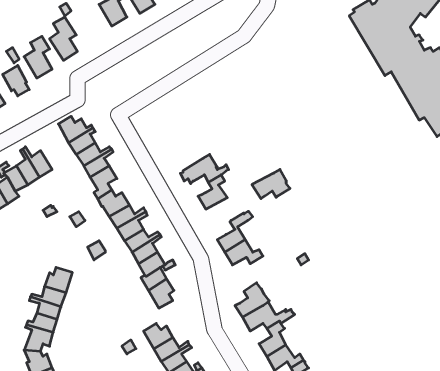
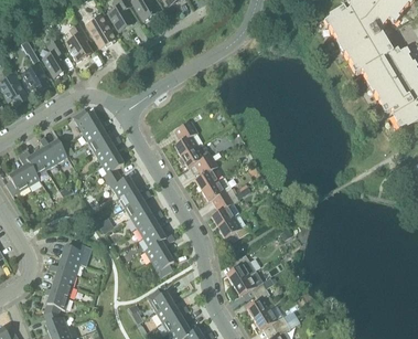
building: none -> [85,13,115,47]
building: none -> [174,119,199,156]
building: [252,169,290,199] -> [201,176,234,201]

